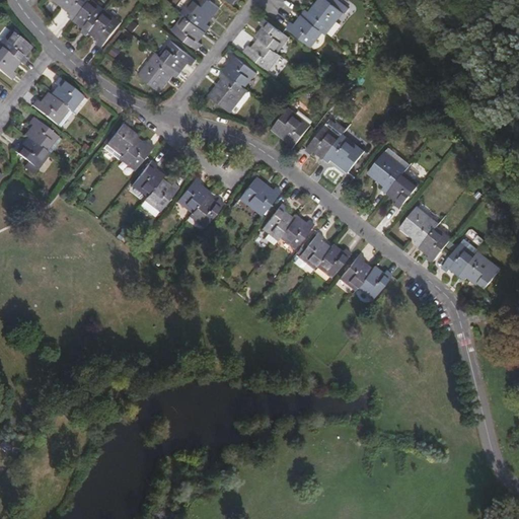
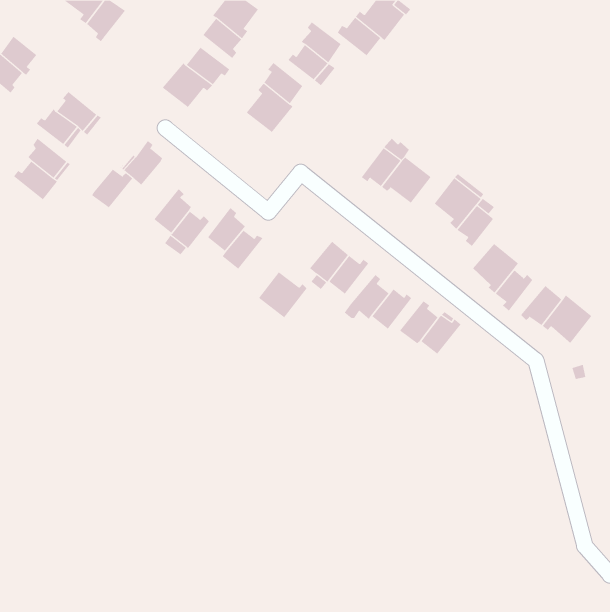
building: [88,9,121,48] -> none
building: [271,107,310,150] -> none
building: [118,138,153,171] -> [91,169,133,208]
building: [237,177,279,217] -> [258,272,307,318]

